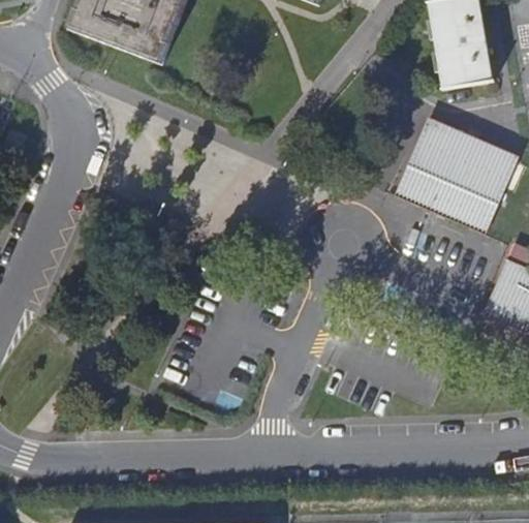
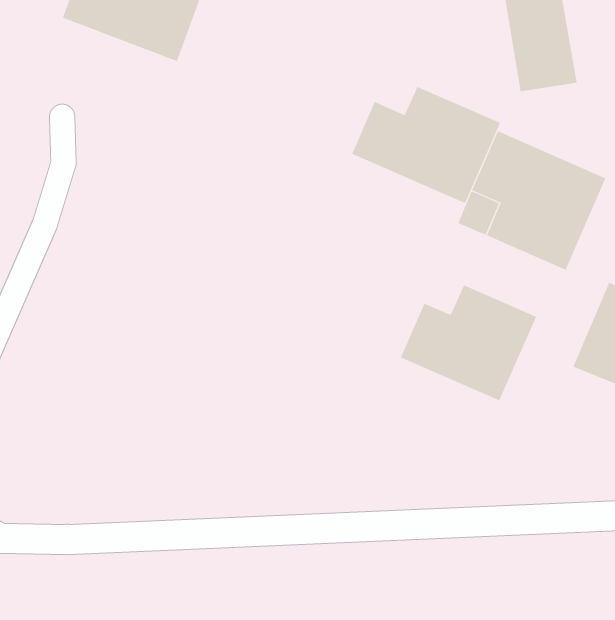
building: none -> [351,86,501,204]
building: none -> [400,285,537,401]

